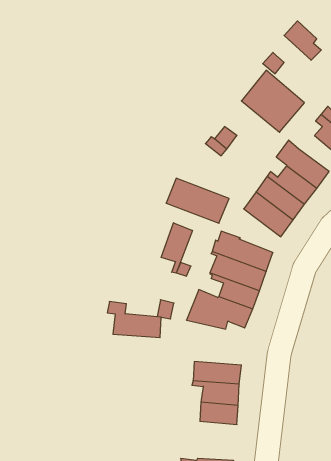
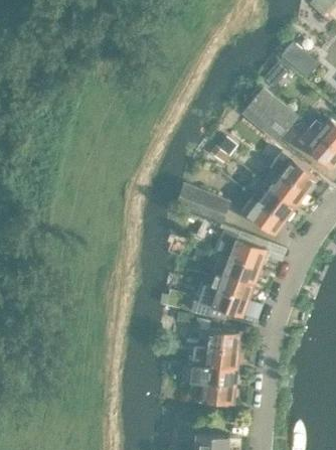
building: [161,223,192,273] -> none
building: [107,302,161,338] -> [191,319,239,351]

